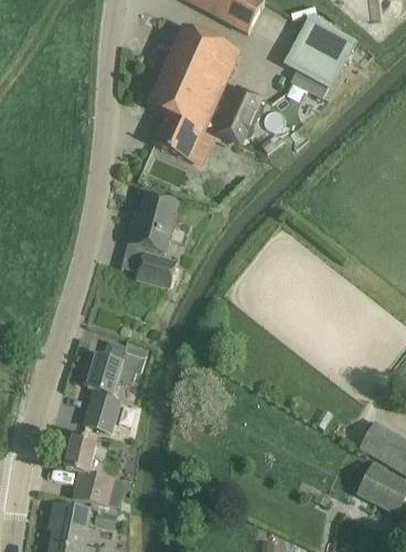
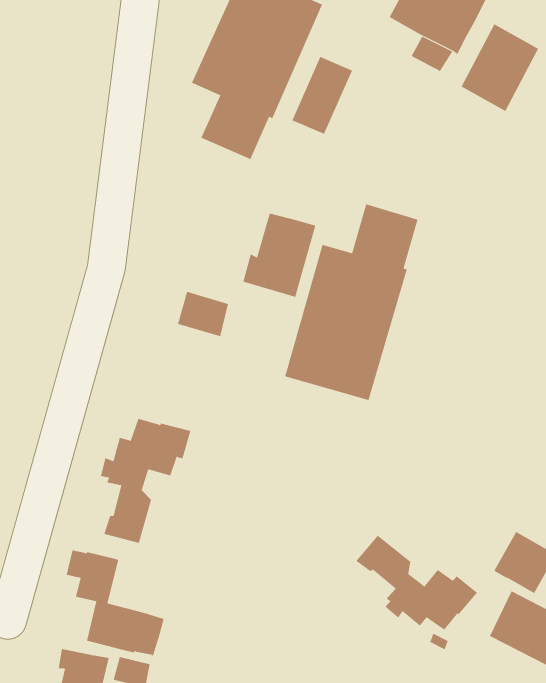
building: none -> [461,24,539,112]
building: none -> [285,204,418,401]
building: [127,193,179,253] -> [242,213,316,297]
building: none -> [356,535,478,631]

